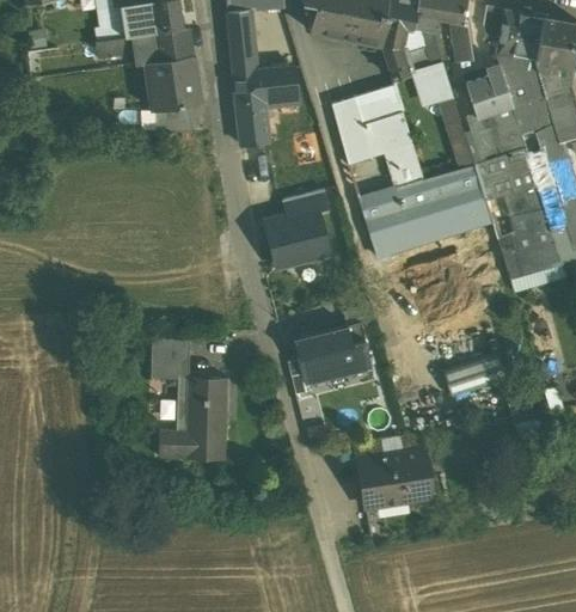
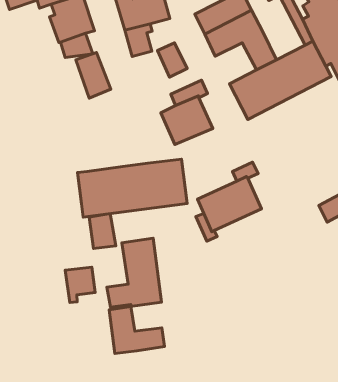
building: none -> [76,52,111,98]
building: none -> [157,43,187,77]
building: none -> [77,159,187,217]
building: none -> [65,267,95,302]
building: [357,449,431,507] -> none
building: none -> [109,307,165,354]

